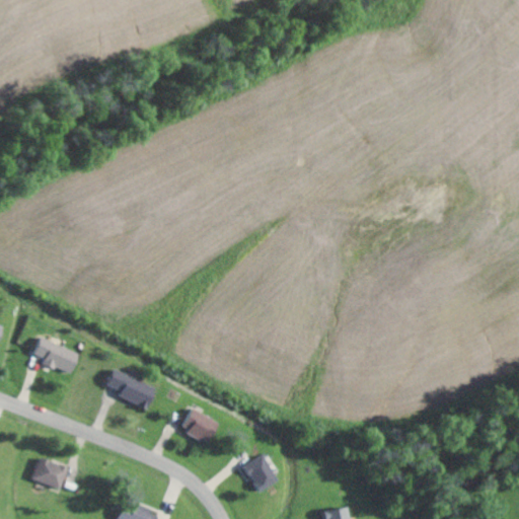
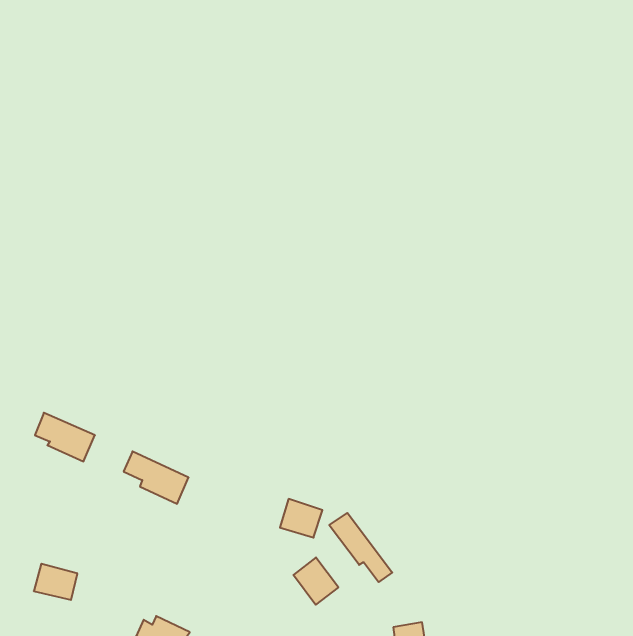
building: [180,410,215,441] -> [280,499,322,538]
building: none -> [329,513,392,582]

